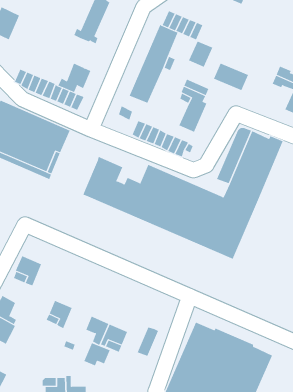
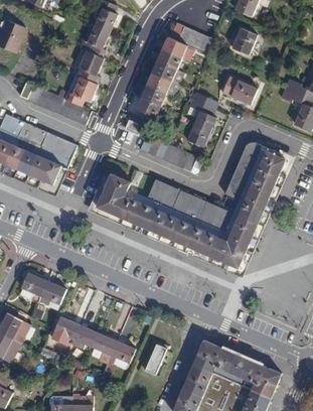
building: none -> [72,50,104,81]
building: [188,41,213,67] -> [231,27,257,54]
building: none -> [32,280,65,318]
building: [84,342,110,366] -> [70,324,98,349]

